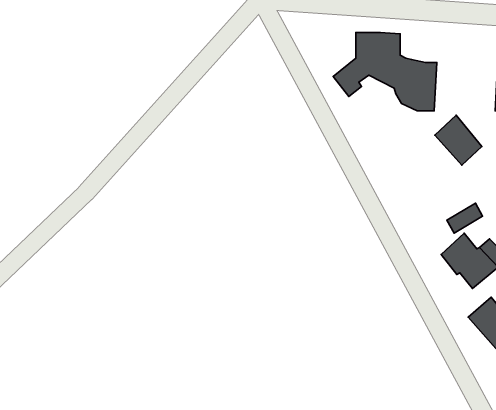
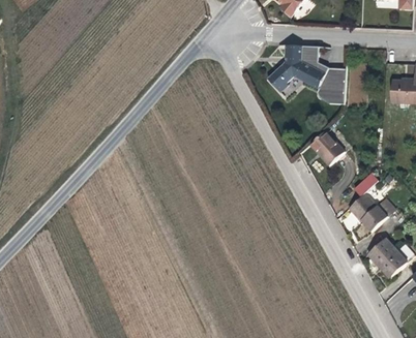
building: [435,115,482,165] -> [309,129,344,165]

